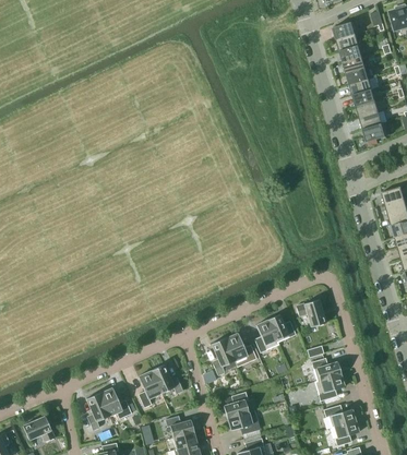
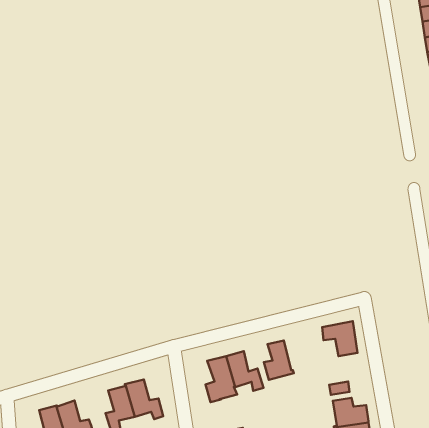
building: [266,313,296,342] -> none

